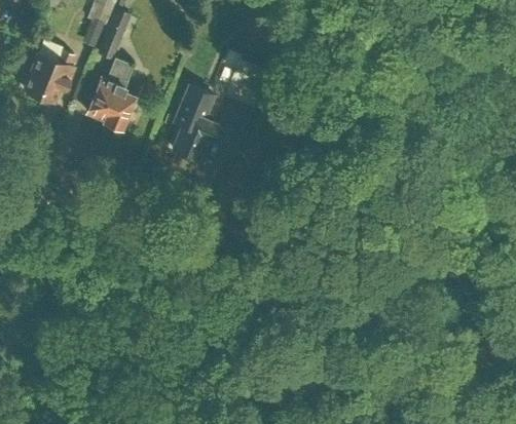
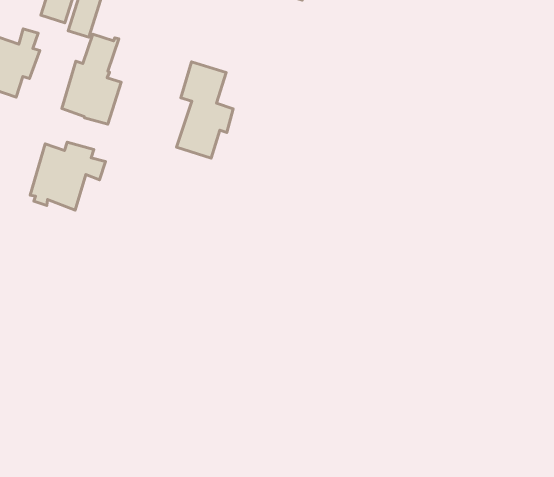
building: none -> [30,142,106,210]

